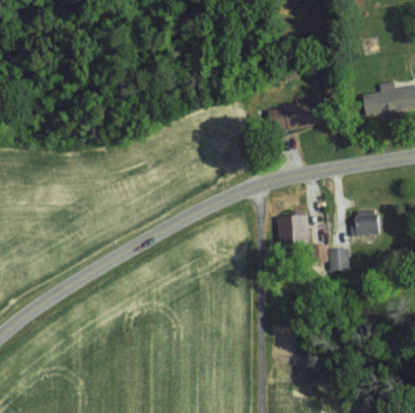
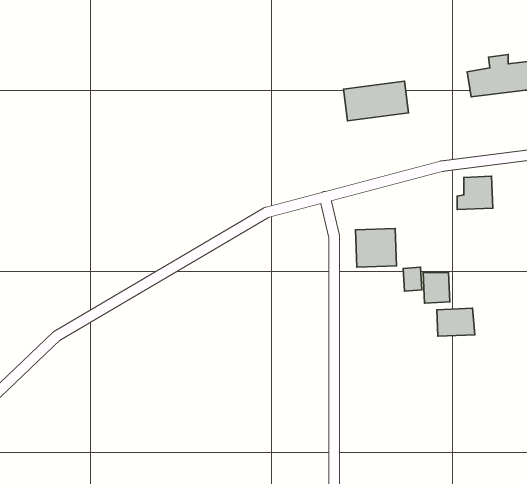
building: [350,210,377,235] -> [457,176,493,210]
building: none -> [437,308,475,336]

